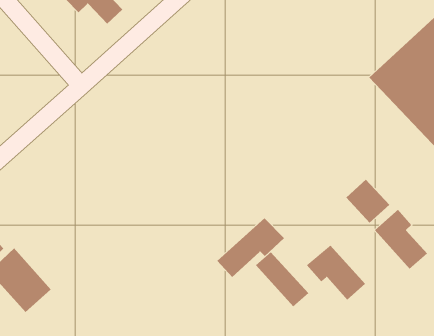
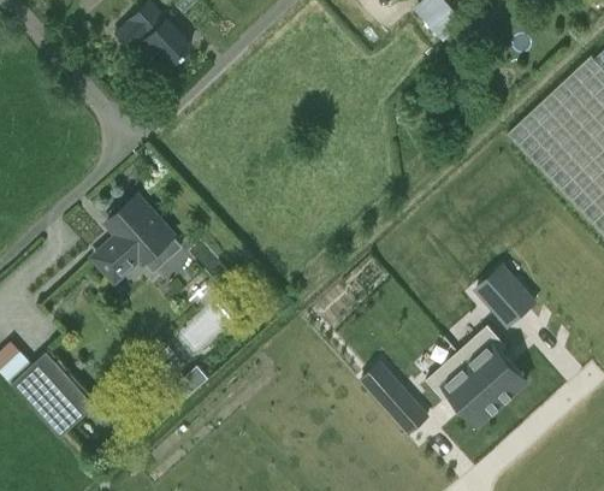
building: none -> [95,195,182,280]
building: [374,209,428,269] -> [457,324,527,402]
building: [217,217,285,278] -> none

